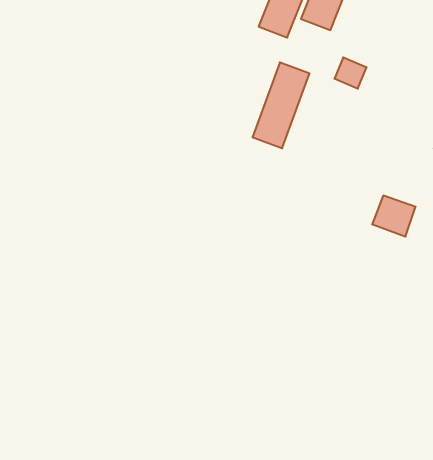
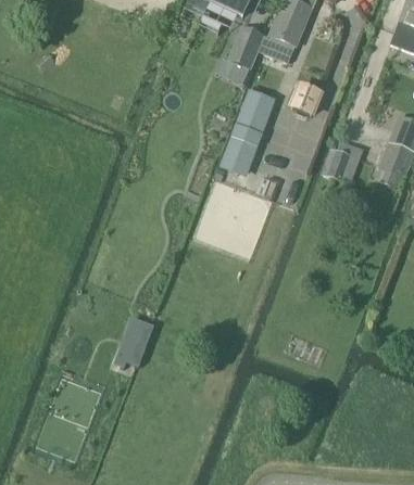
building: [372,196,416,237] -> [323,148,361,183]
building: none -> [114,316,154,367]

